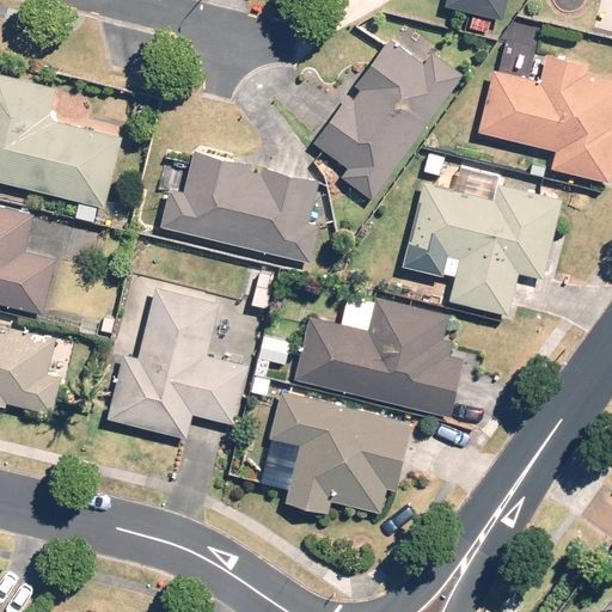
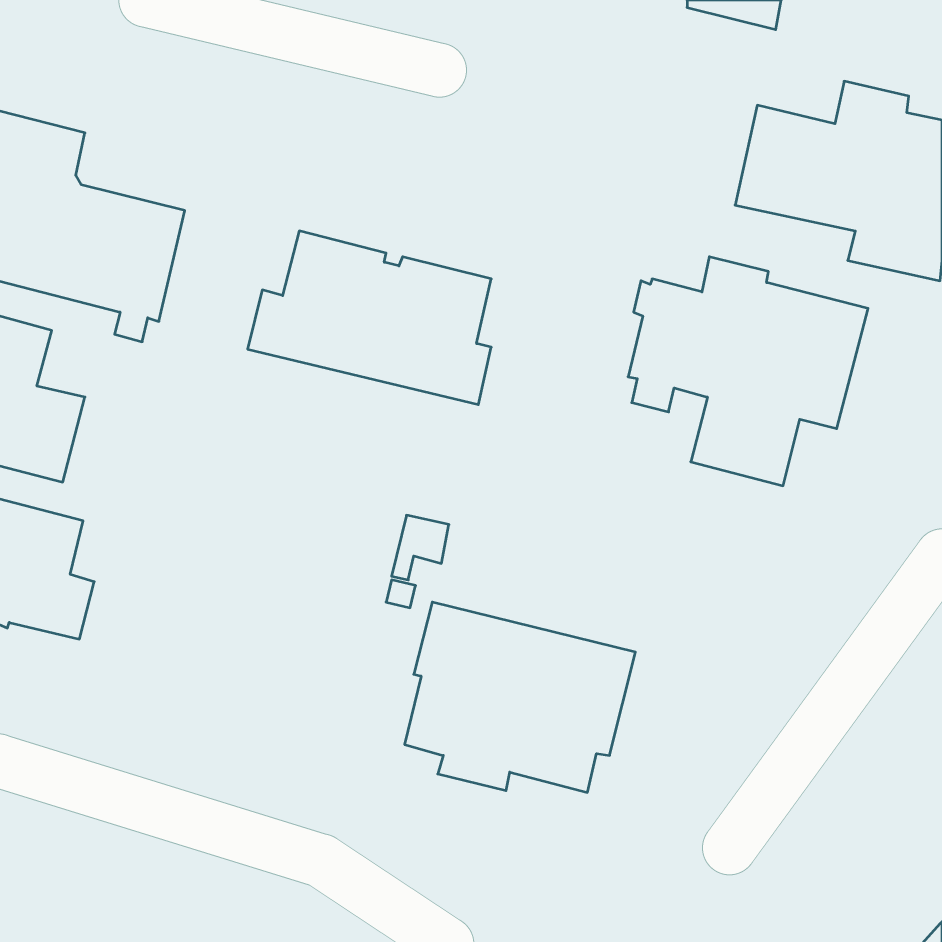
building: [312,38,461,200] -> none
building: [108,287,247,439] -> none
building: [294,295,464,417] -> none

